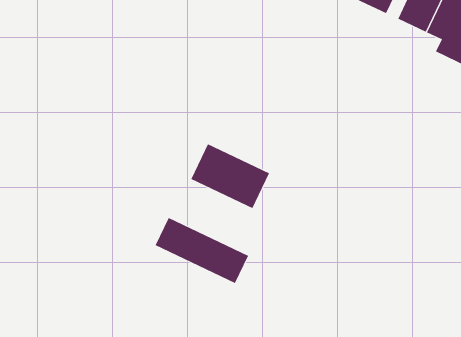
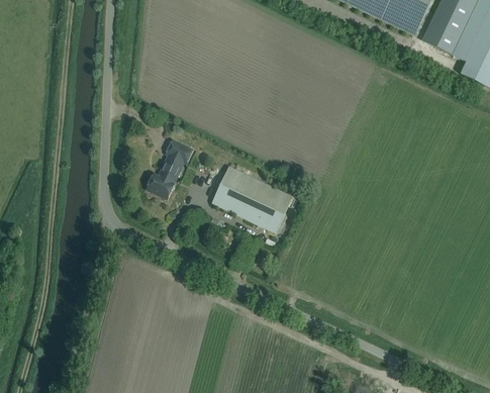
building: none -> [146,140,193,200]
building: [155,217,249,284] -> none

